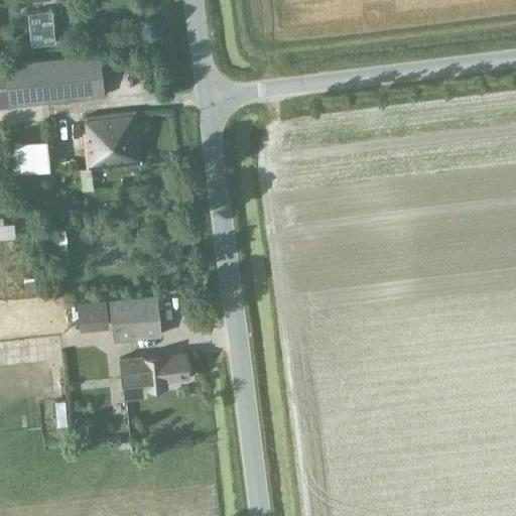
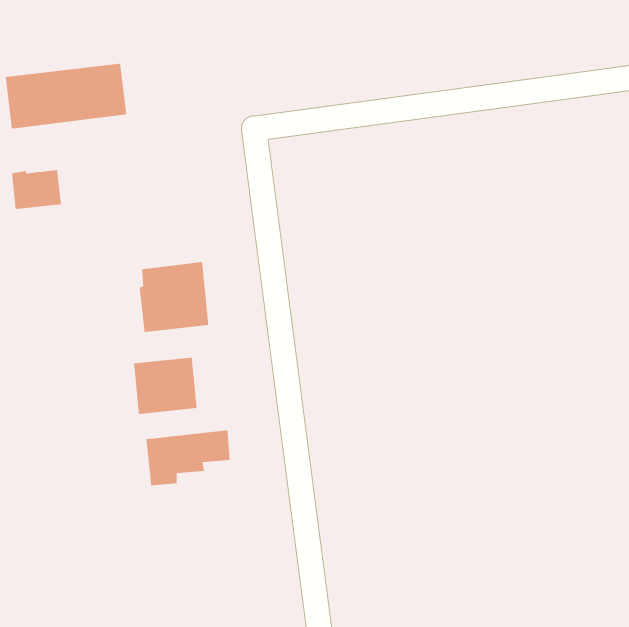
building: [28,16,53,49] -> none
building: [85,113,142,171] -> [139,261,209,333]
building: [78,303,109,329] -> none

